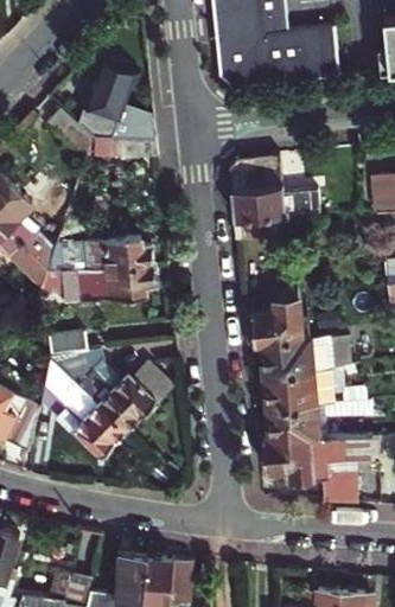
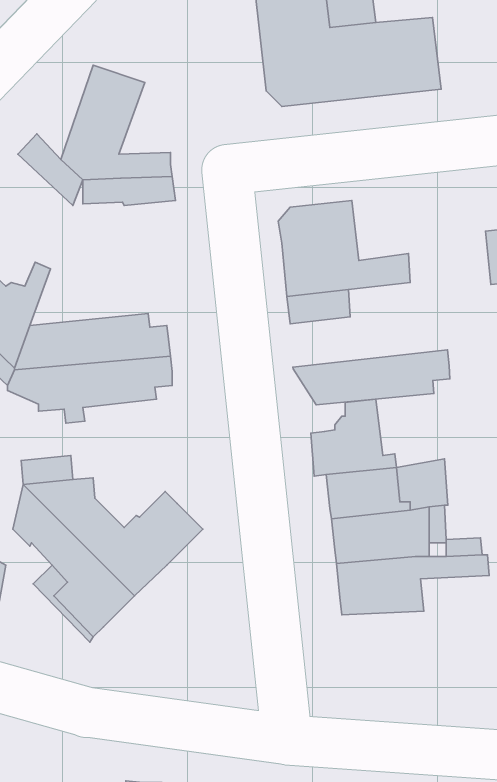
building: none -> [293,350,450,405]
building: [263,439,374,505] -> none

